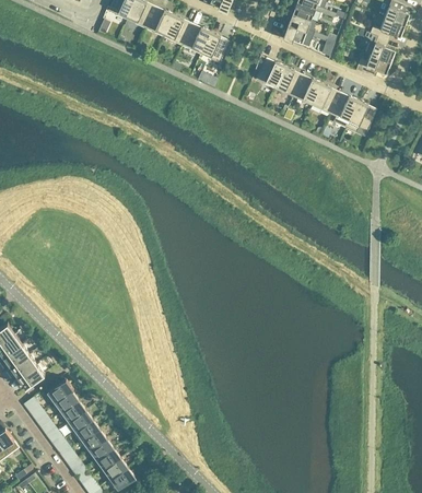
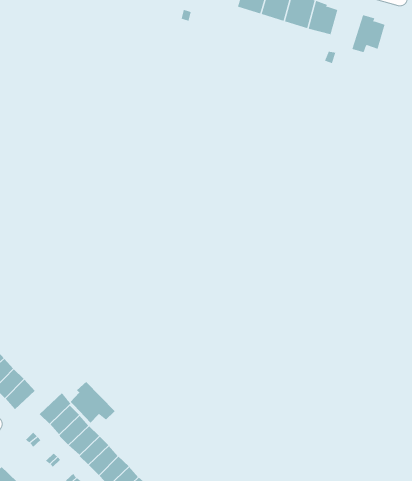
building: [330,94,359,128] -> none
building: none -> [68,381,116,423]

